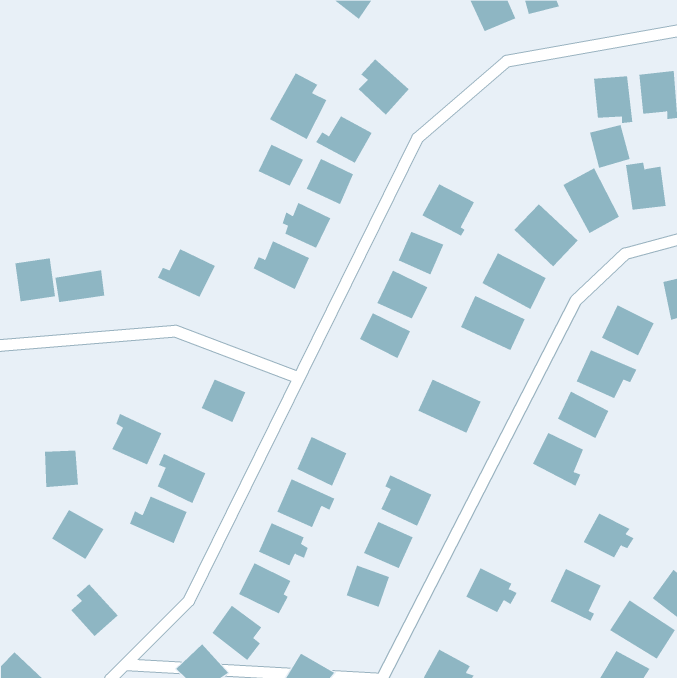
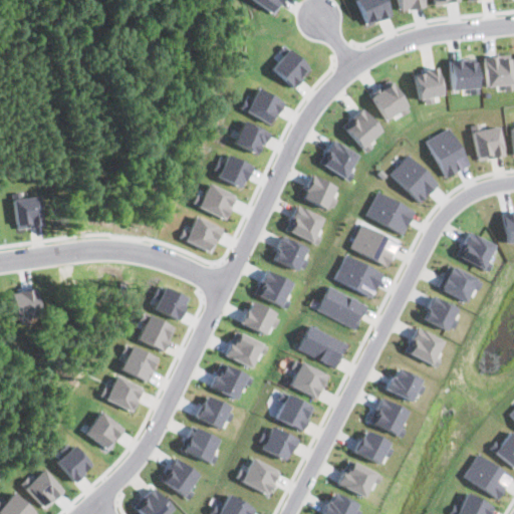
building: [269,72,327,140] -> none
building: none -> [370,80,412,120]
building: [589,125,630,169] -> [414,67,445,100]
building: none -> [343,107,383,148]
building: [258,144,304,186] -> none
building: [157,248,216,298] -> [179,216,223,253]
building: [55,270,105,303] -> none
building: none -> [333,254,382,298]
building: none -> [255,270,293,308]
building: none -> [242,301,281,335]
building: [112,413,162,465] -> [137,312,175,351]
building: none -> [297,324,348,368]
building: [44,450,79,487] -> [12,290,38,318]
building: [51,509,104,560] -> [84,412,124,450]
building: [583,513,635,558] -> [386,367,425,402]
building: [550,568,602,621] -> [368,398,408,438]
building: none -> [239,456,280,495]
building: none -> [336,460,380,497]
building: none -> [20,469,64,509]

